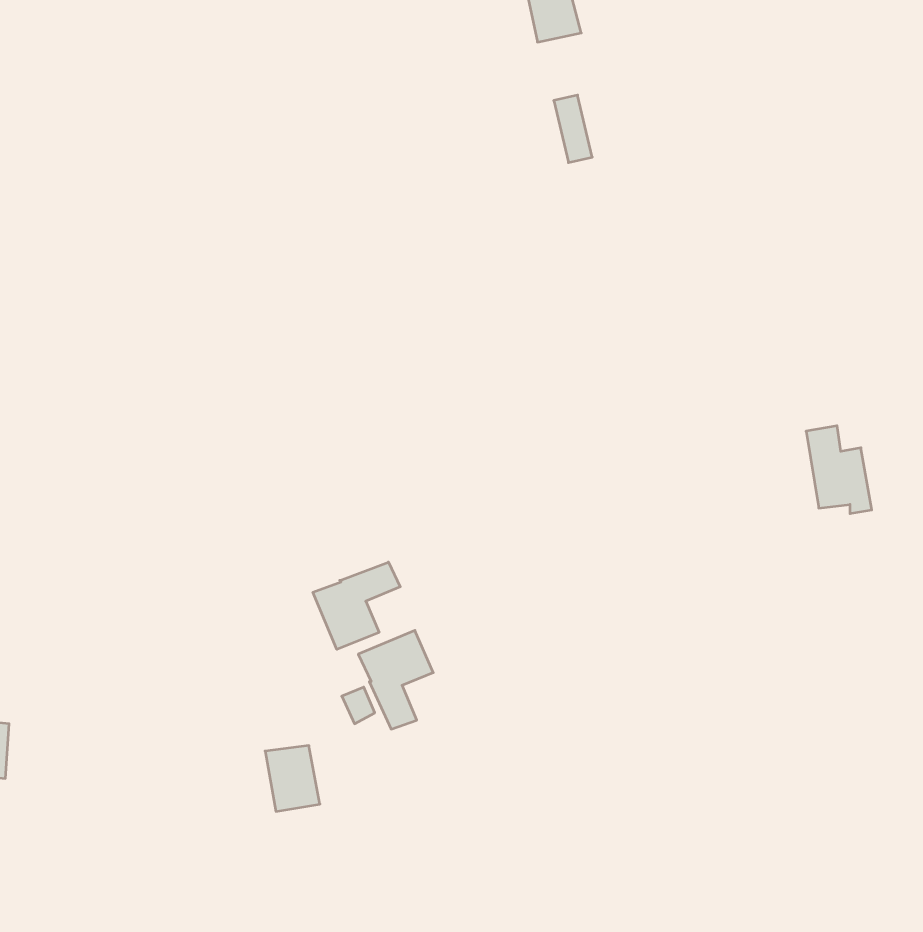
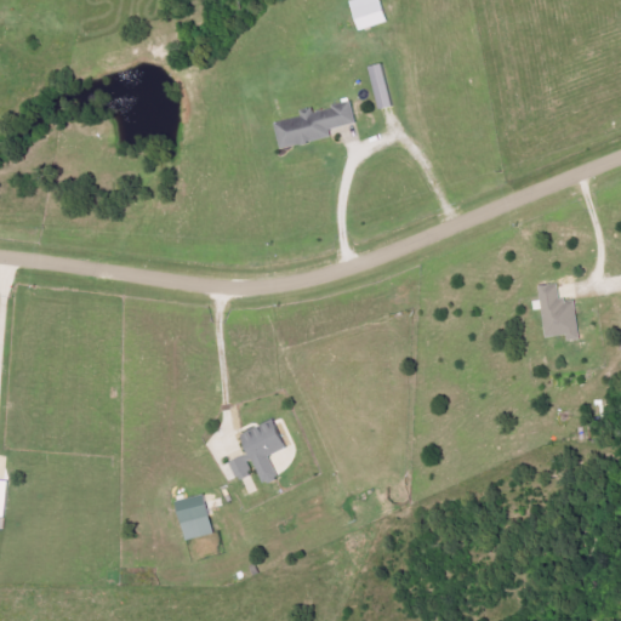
building: none -> [272,102,353,148]
building: [313,562,400,649] -> none

